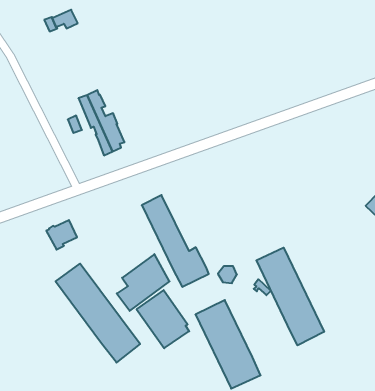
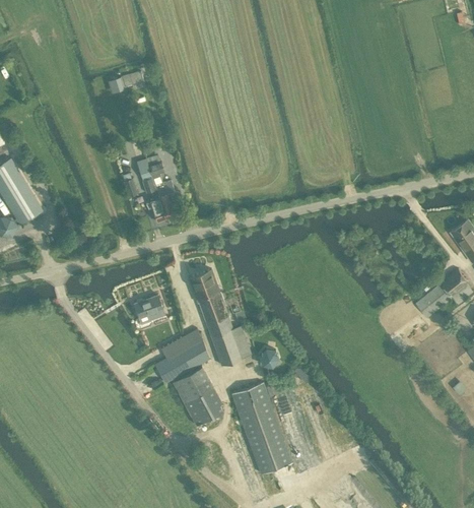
building: [46,220,77,250] -> [134,296,164,324]
building: [256,248,324,345] -> none
building: [56,264,140,363] -> none

